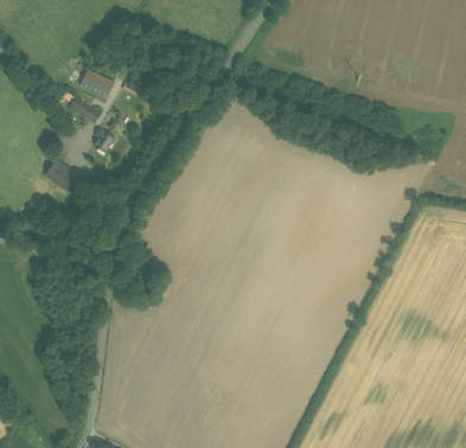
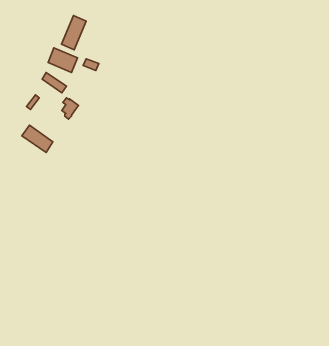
building: none -> [61,16,86,50]

